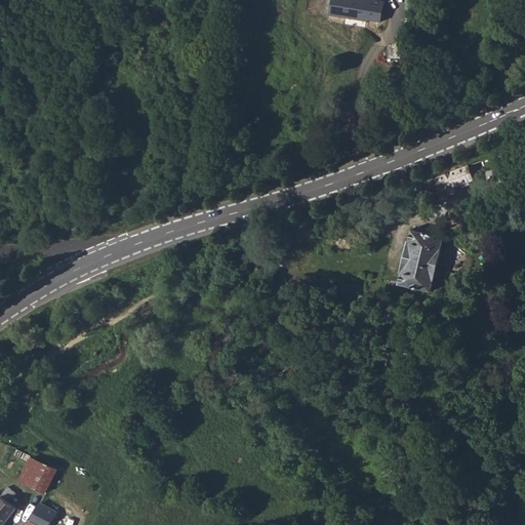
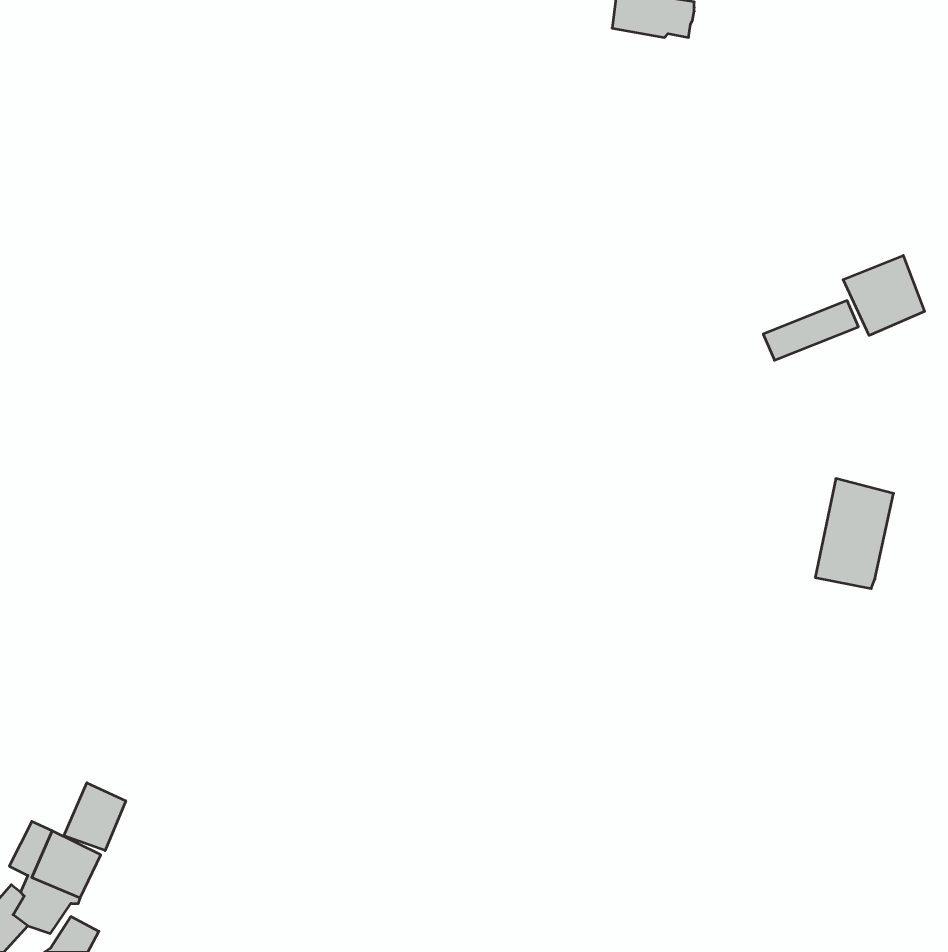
building: none -> [843,255,925,335]
building: [397,231,440,291] -> [815,479,894,589]
building: none -> [64,783,126,851]

